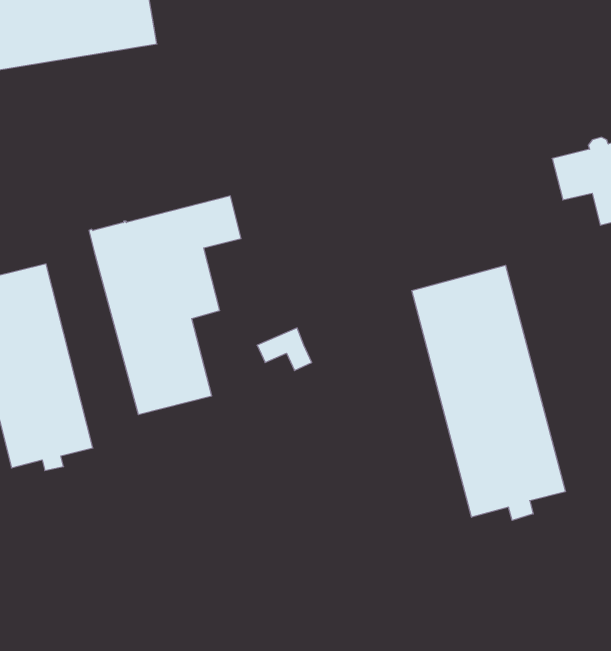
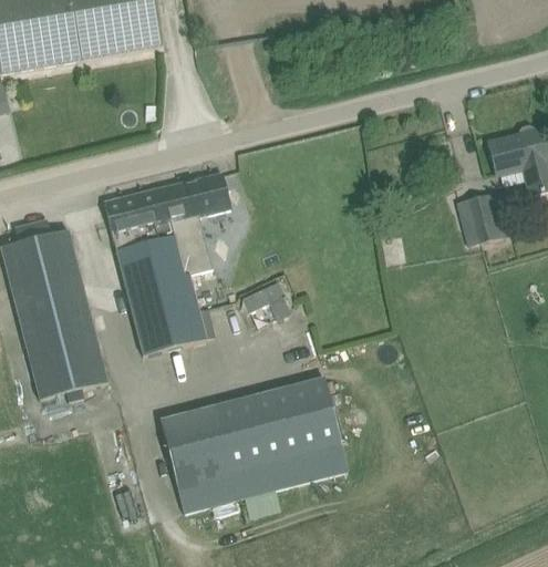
building: none -> [467,195,497,243]
building: [412,265,565,520] -> none
building: none -> [161,377,349,514]

